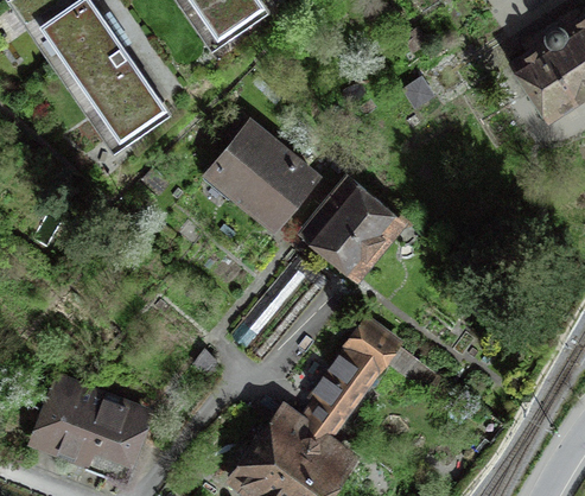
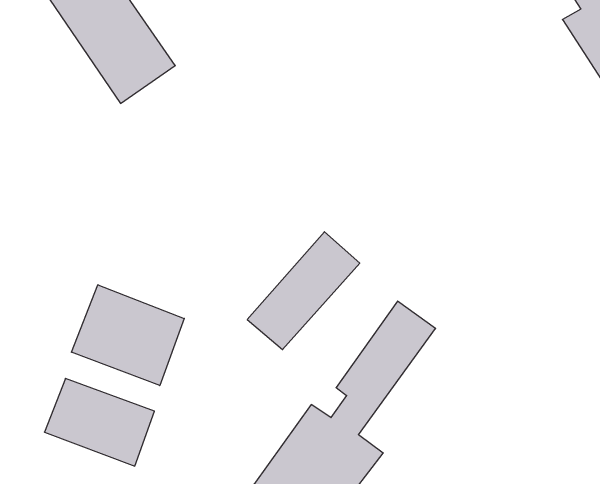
building: [215,123,318,223] -> none
building: [304,183,403,273] -> none
building: none -> [71,285,184,386]

